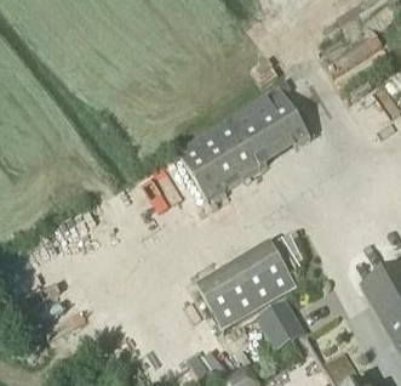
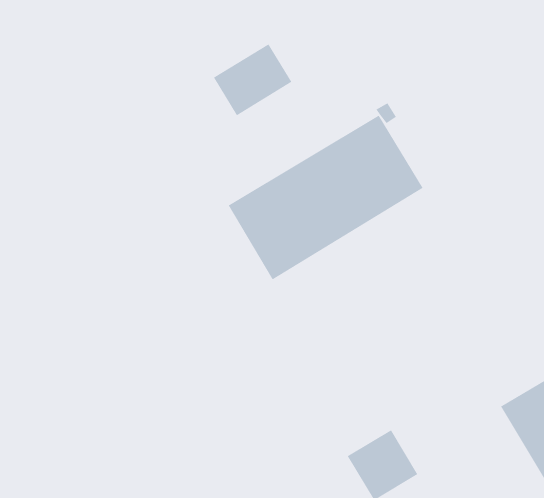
building: none -> [213,43,292,116]
building: [195,240,297,330] -> none

